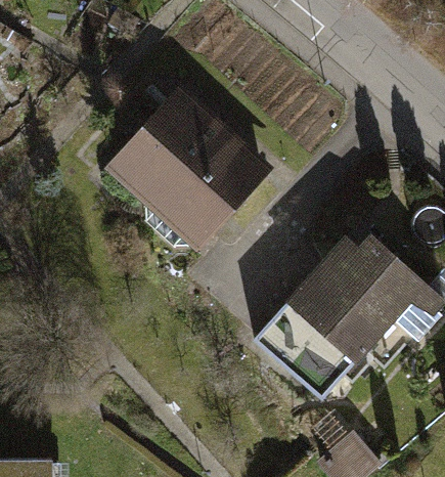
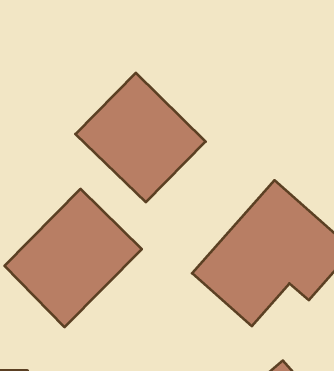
building: none -> [5,189,142,327]

